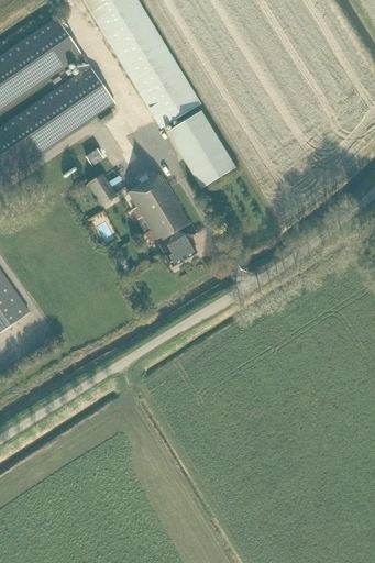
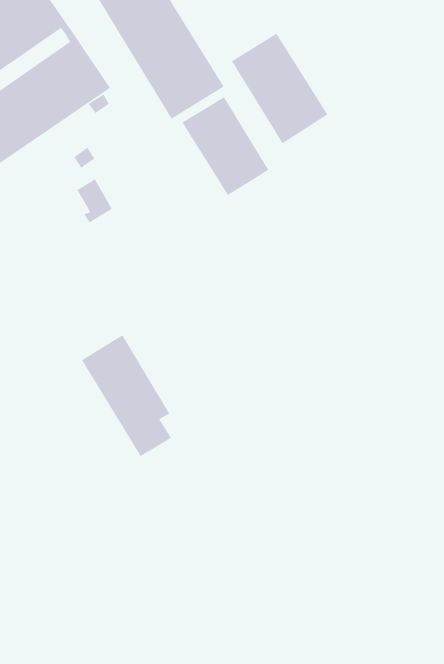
building: none -> [231,33,328,144]
building: [128,172,197,265] -> [81,334,172,457]

